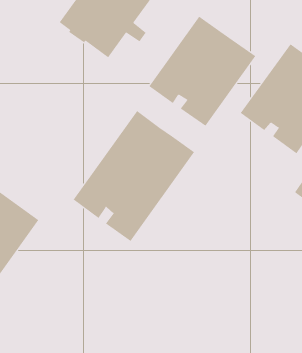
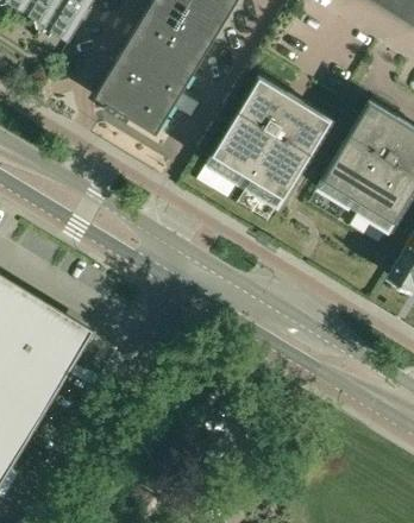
building: [73,110,195,242] -> none

